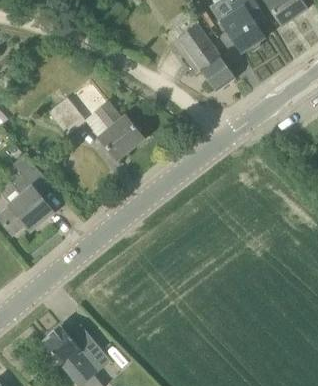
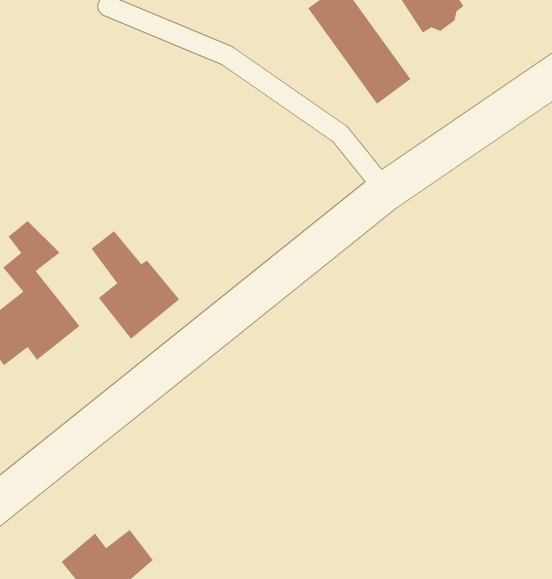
building: [49,96,87,135] -> none
building: [95,100,144,160] -> [90,230,180,340]

